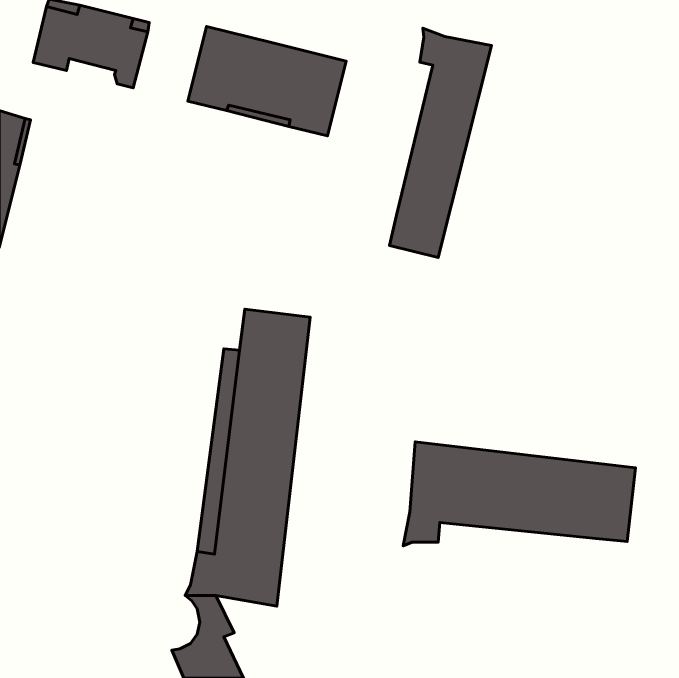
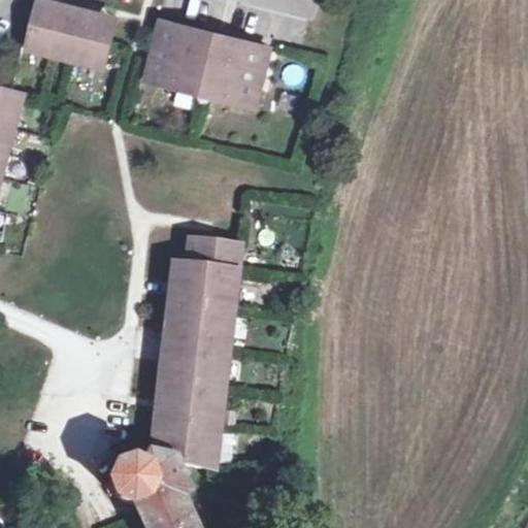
building: [389,28,491,257] -> none
building: [403,442,636,546] -> none
building: none -> [109,458,155,503]

